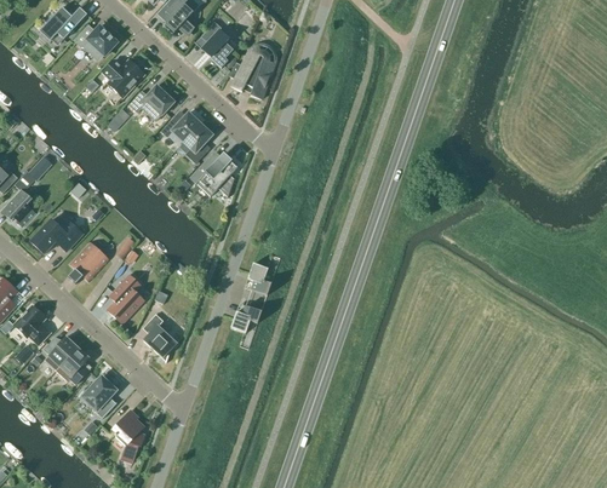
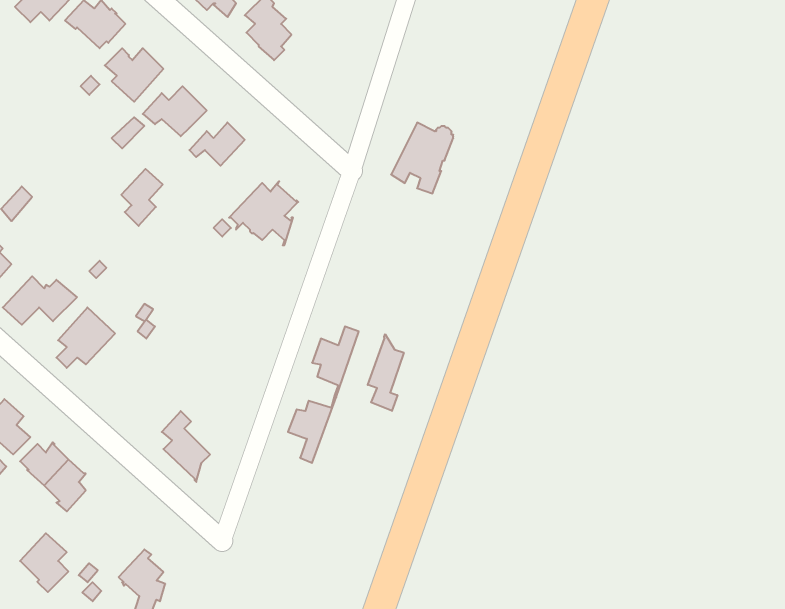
building: [231,48,275,98] -> [391,123,453,193]
building: [183,122,212,162] -> [121,169,163,226]
building: none -> [368,334,404,411]
building: [107,274,143,327] -> none
building: [82,375,116,417] -> [20,533,68,592]

